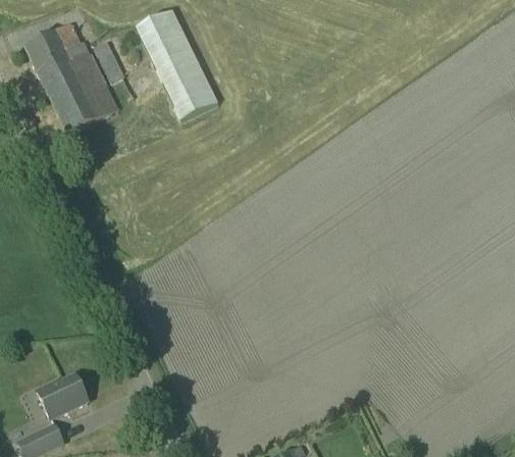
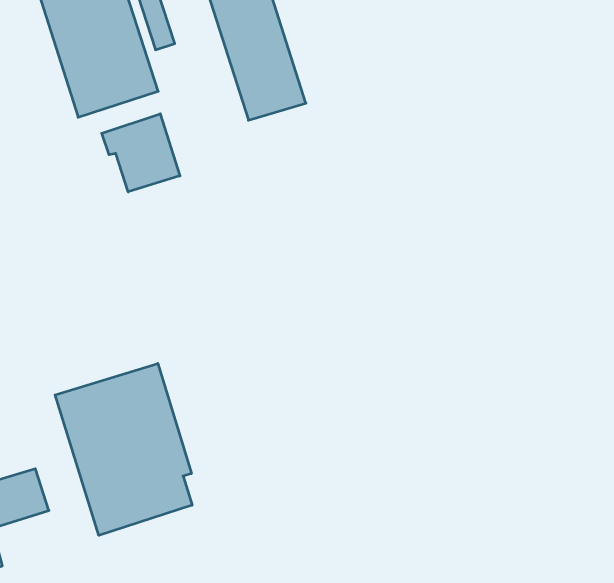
building: none -> [102,114,180,192]
building: none -> [55,363,192,535]

